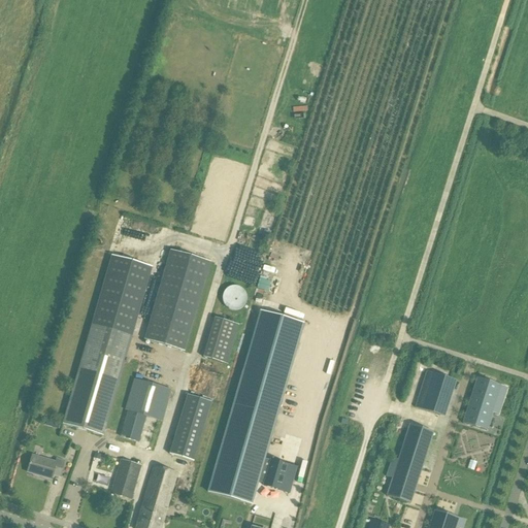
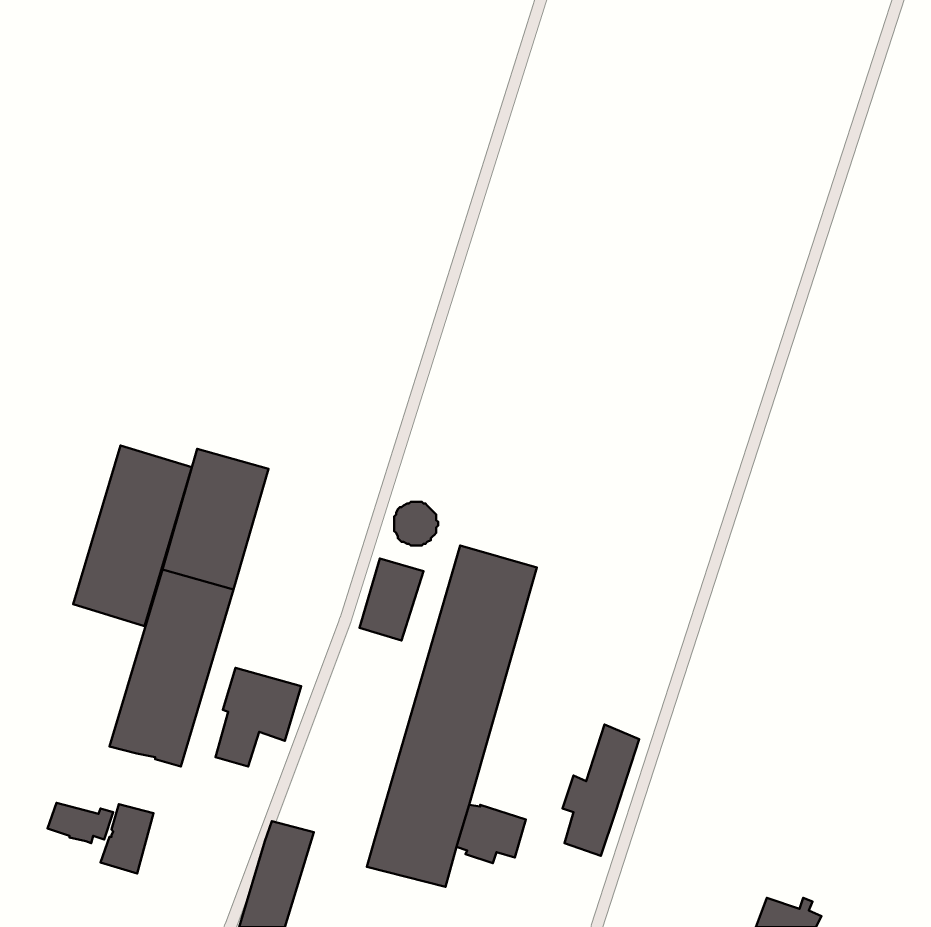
building: [144,248,211,350] -> [73,445,192,626]
building: [417,371,455,415] -> none
building: [465,376,507,428] -> none
building: [170,392,211,459] -> none
building: [386,426,429,500] -> [563,725,639,856]
building: [111,458,141,497] -> [101,804,153,873]

